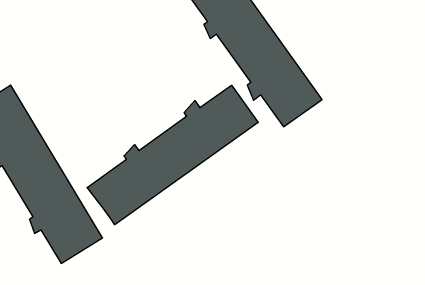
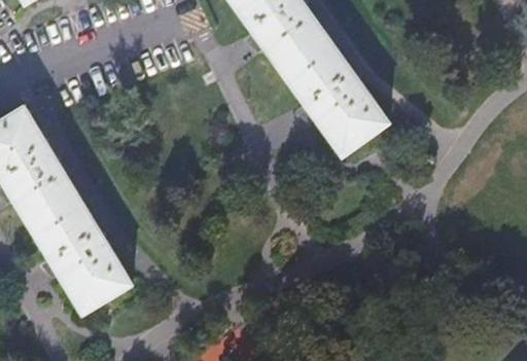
building: [87,85,258,225] -> none

